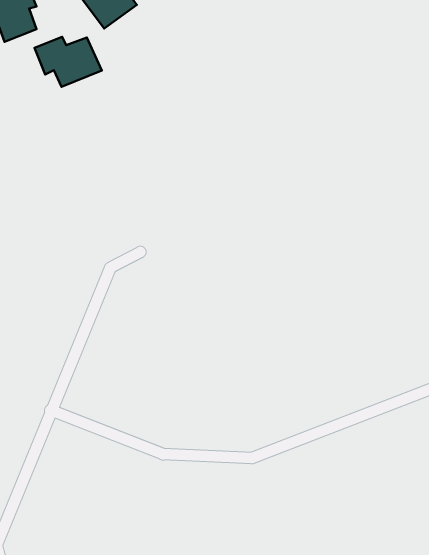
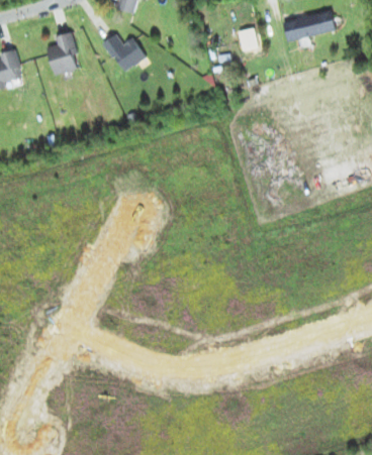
building: [35,37,102,87] -> none

